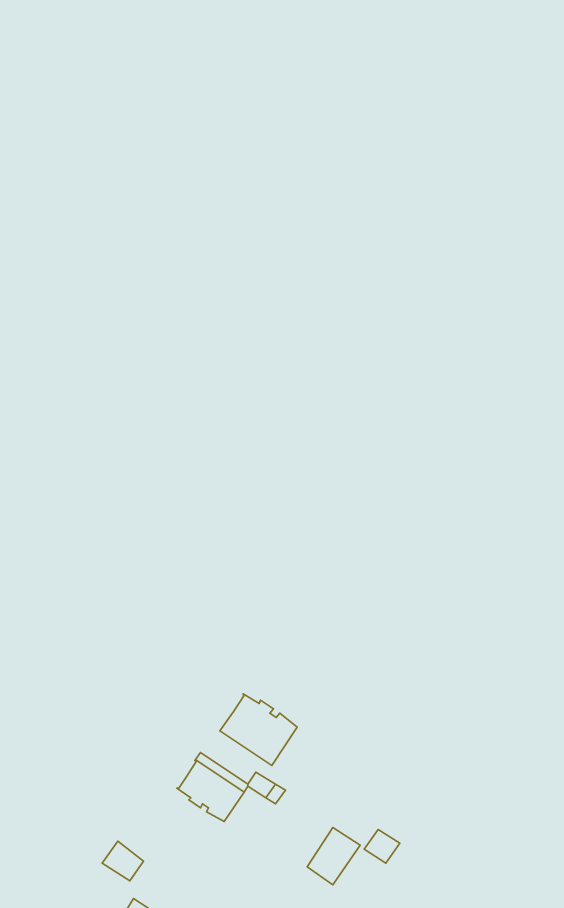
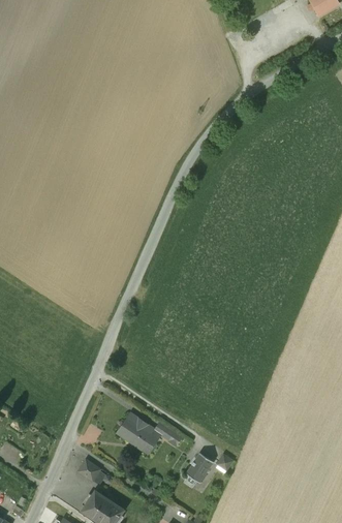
building: [220,694,297,766] -> none

